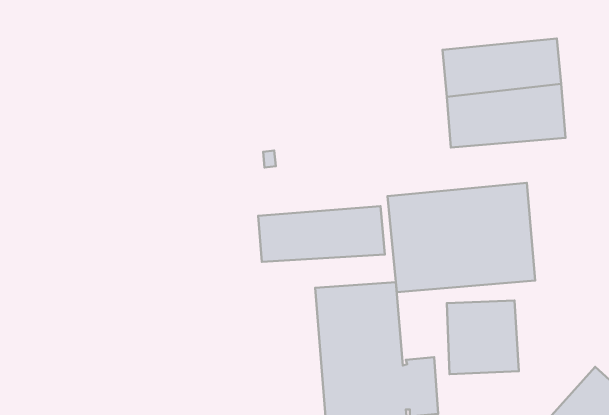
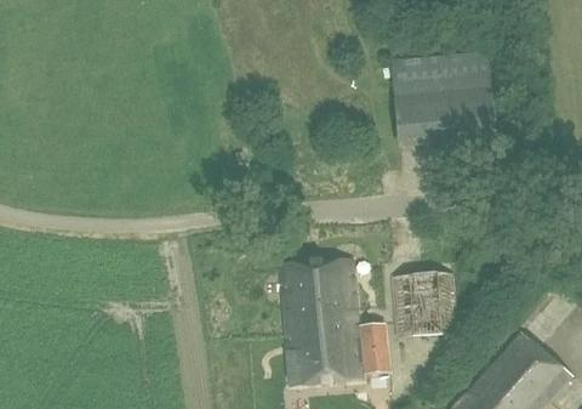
building: [388,183,535,292] -> none
building: [258,206,385,262] -> none

